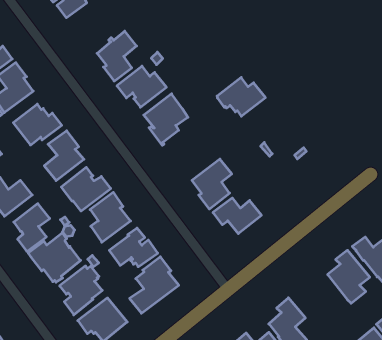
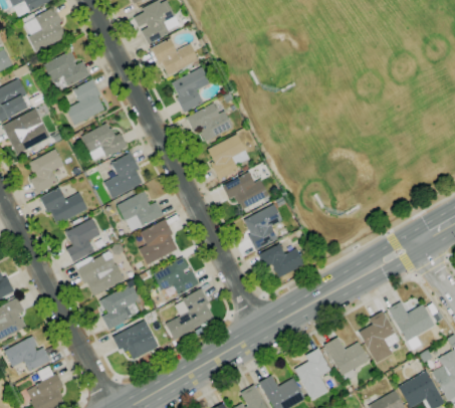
building: none -> [150,38,199,76]
building: [217,77,265,116] -> [223,172,269,209]
building: none -> [323,337,369,381]

